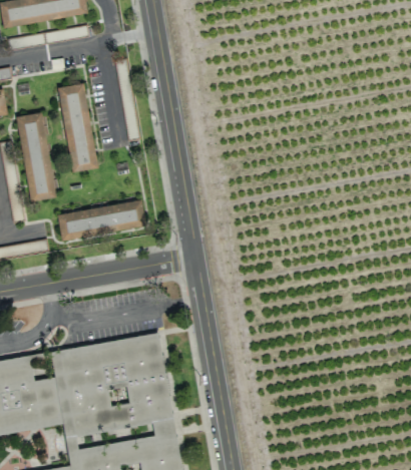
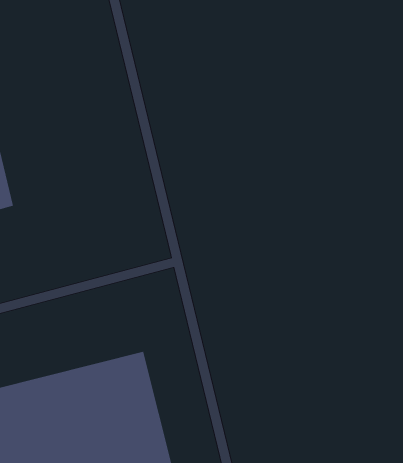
building: [58,83,97,174] -> none
building: [60,200,146,242] -> none

